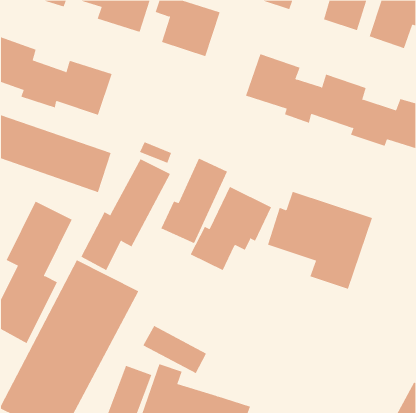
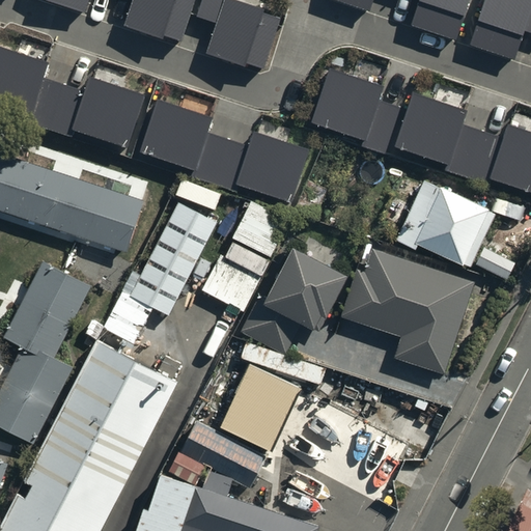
building: none -> [140,104,307,204]
building: none -> [398,177,497,268]
building: none -> [220,360,301,446]

